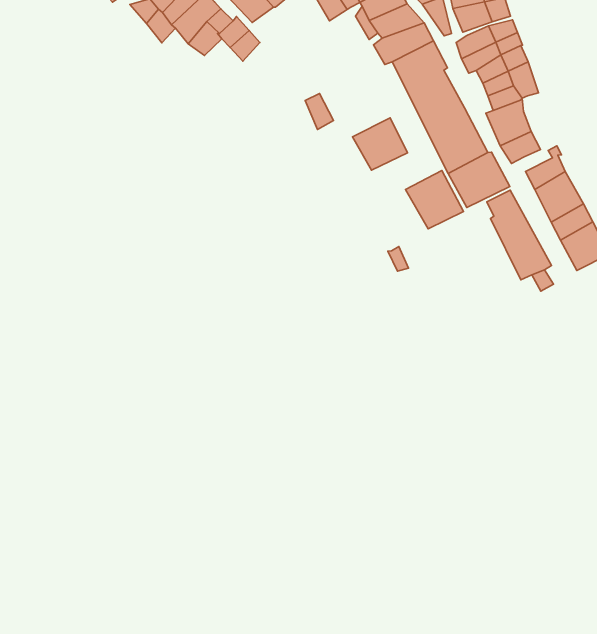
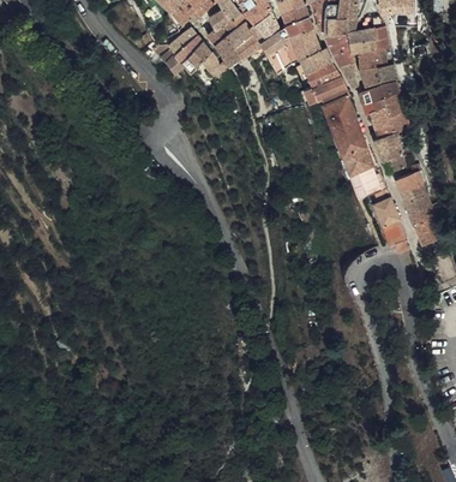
building: [353,118,408,170] -> none
building: [405,170,463,229] -> none

